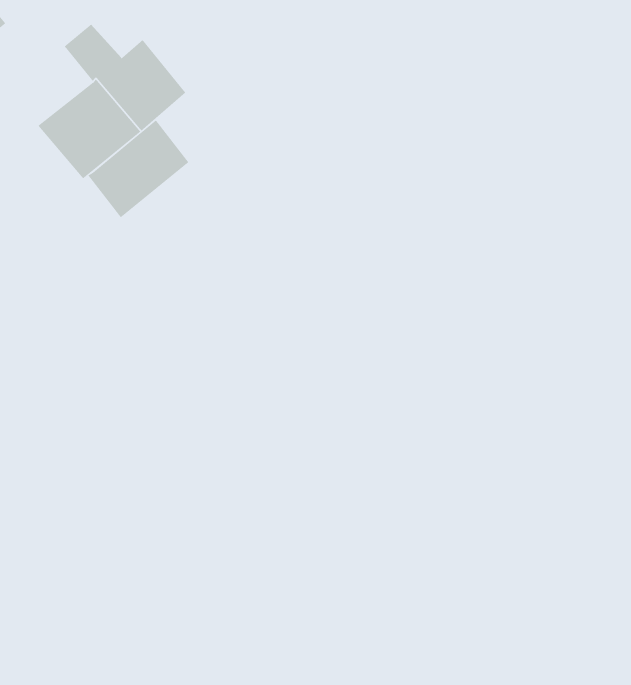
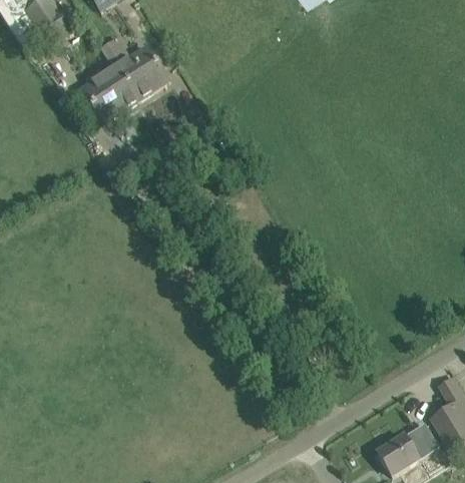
building: [88,119,189,218] -> none

